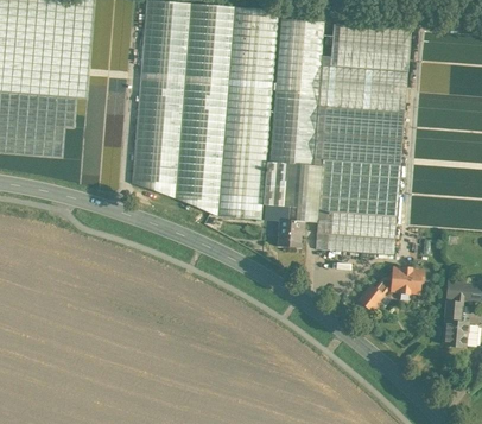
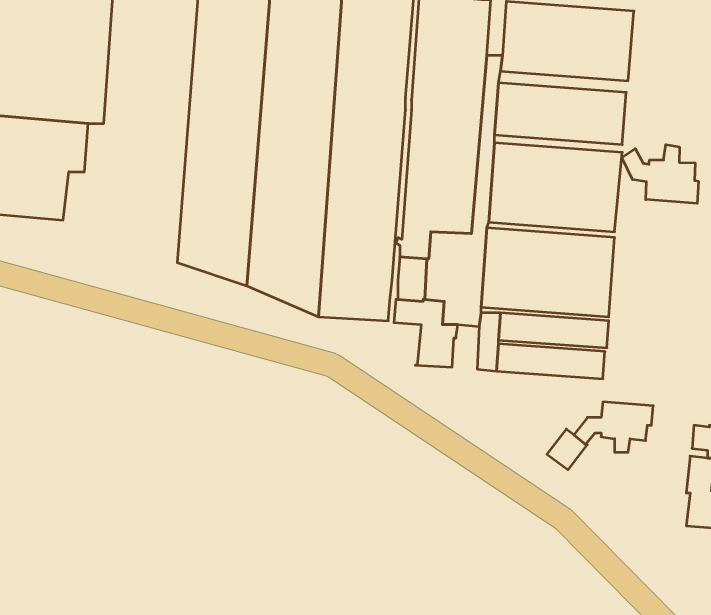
building: none -> [622,145,698,203]

